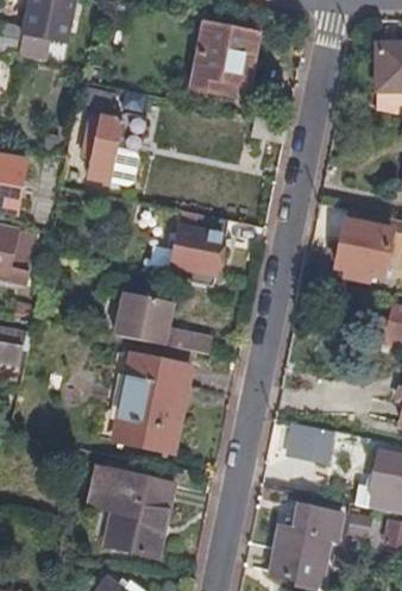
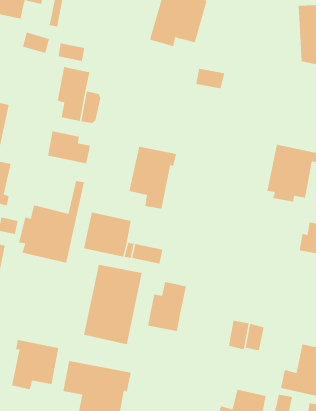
building: none -> [48,131,90,164]
building: none -> [19,180,84,263]
building: none -> [147,281,187,332]
building: none -> [11,339,59,390]

